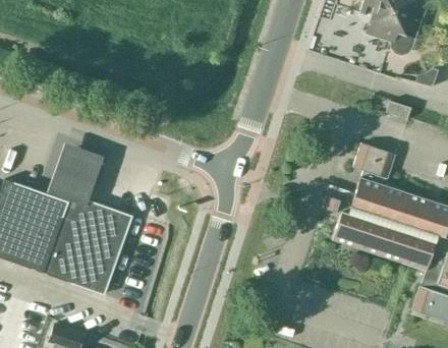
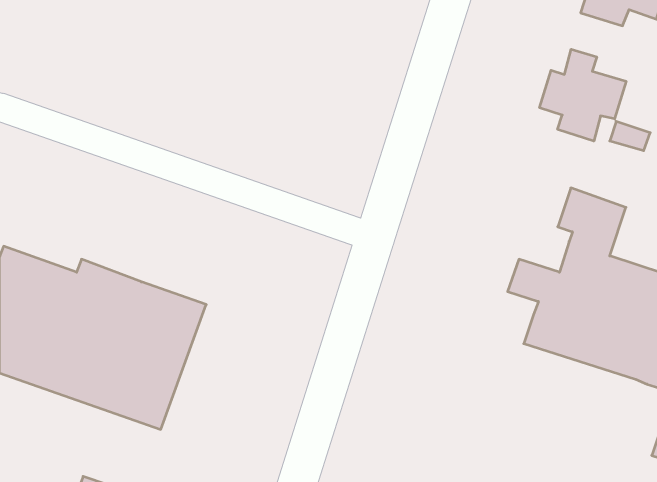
building: none -> [540,49,626,141]
building: [53,141,107,201] -> none

